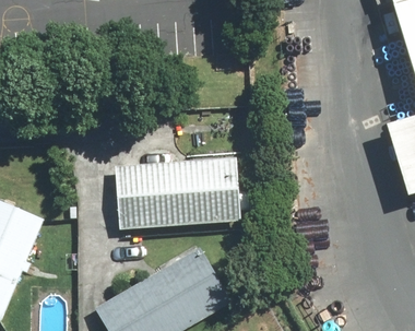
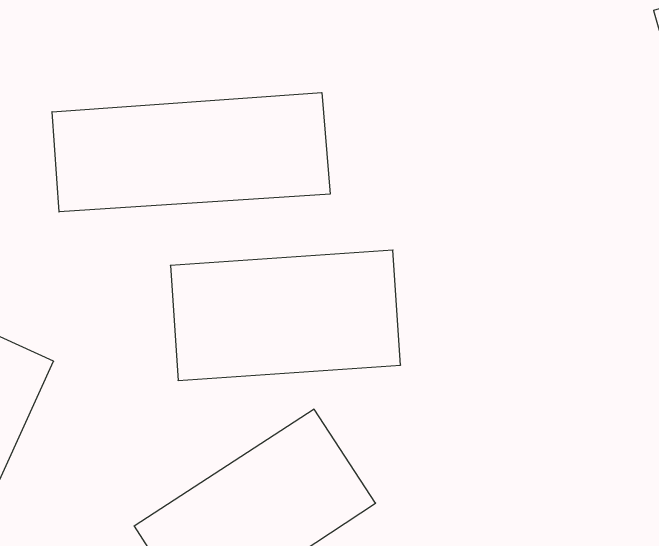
building: none -> [52,93,330,212]

